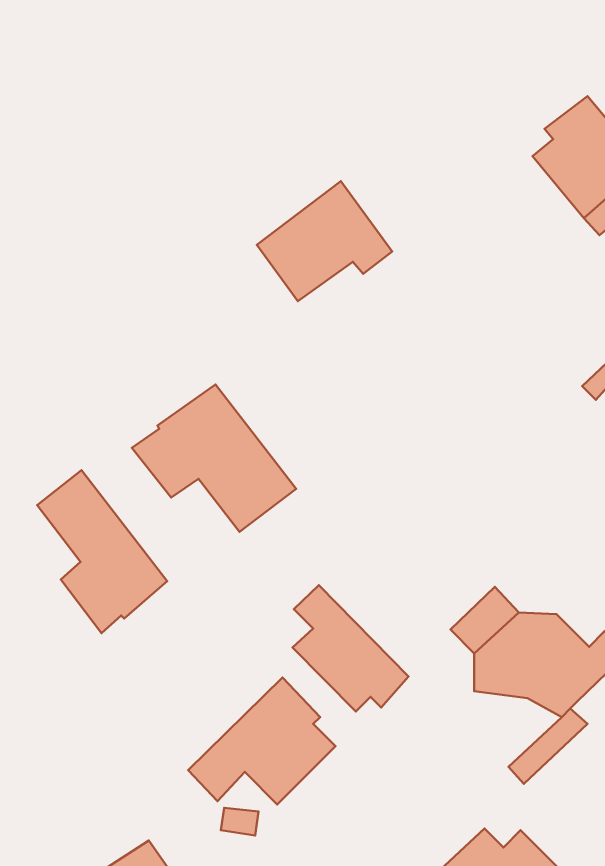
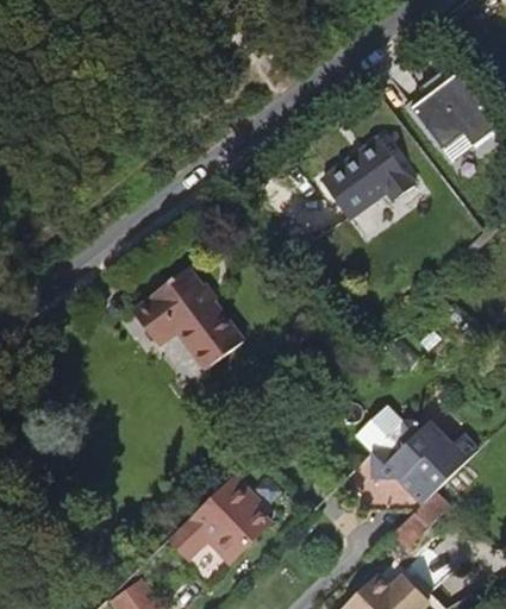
building: [257,181,392,301] -> [321,138,416,221]
building: [37,470,167,633] -> none
building: [293,585,408,712] -> none

